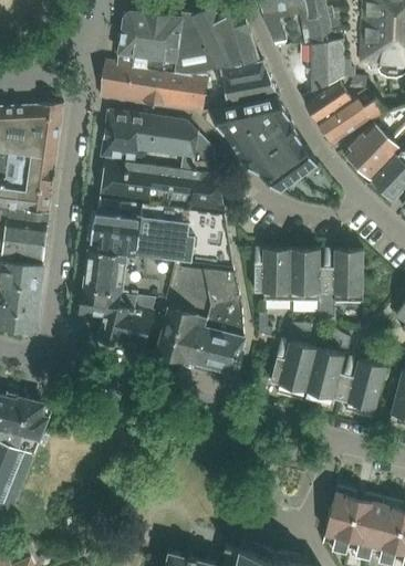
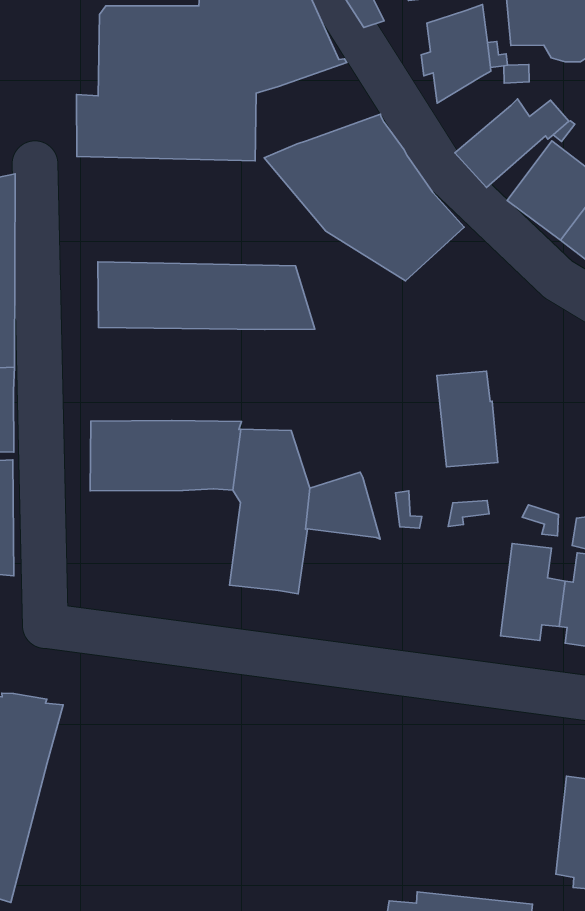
building: [221,62,278,105] -> none
building: [301,80,353,122] -> none
building: [102,111,218,175] -> none
building: [90,196,233,266] -> none
building: [255,248,291,301] -> none
building: [318,249,364,317] -> none
building: [204,269,240,303] -> none
building: [82,289,155,348] -> none
building: [196,326,245,374] -> none
building: [279,343,322,401] -> none

